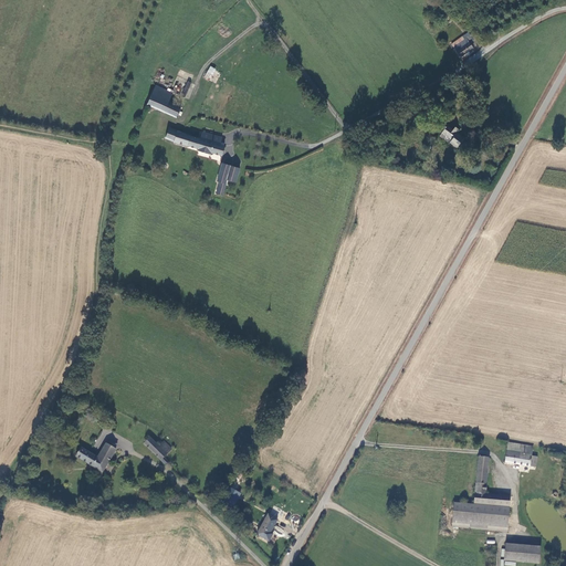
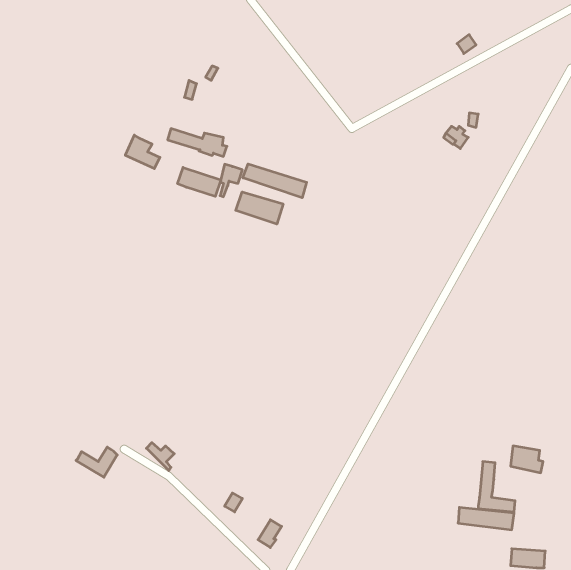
building: [147,84,181,117] -> [125,135,160,169]
building: none -> [243,164,307,198]
building: none -> [178,167,221,196]
building: none -> [236,192,283,224]

